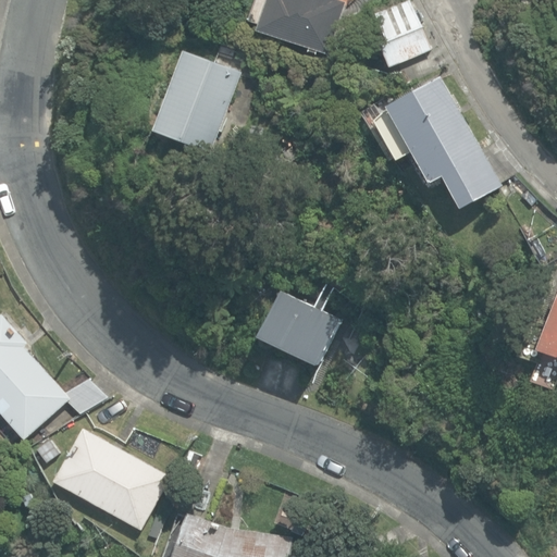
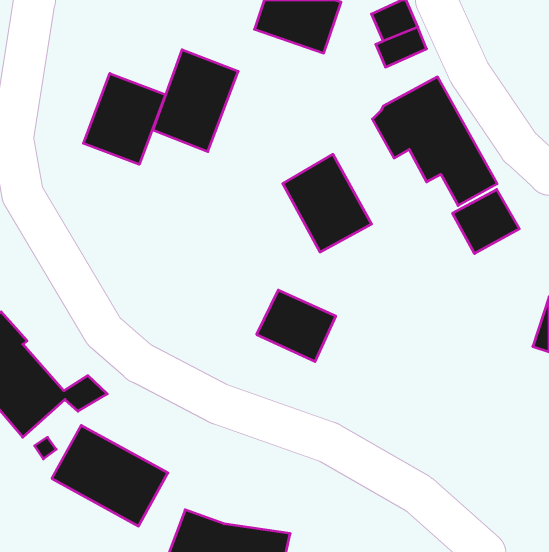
building: none -> [83,73,166,164]
building: none -> [283,154,372,252]
building: none -> [453,189,519,254]

